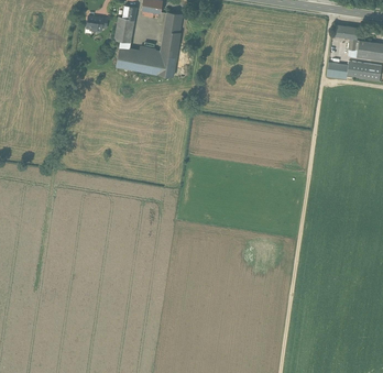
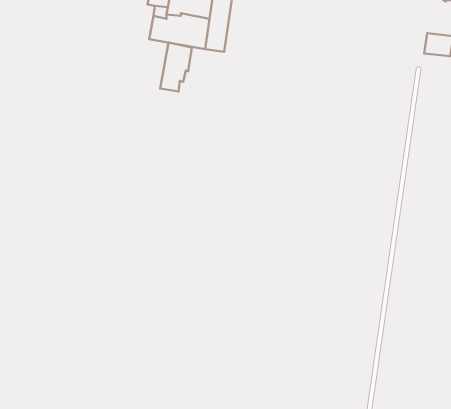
building: none -> [160,42,192,92]

